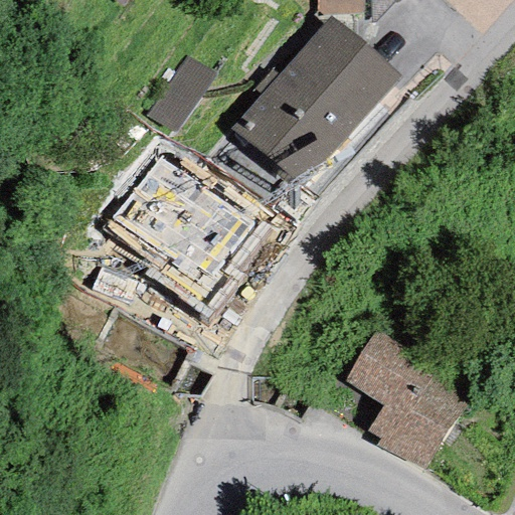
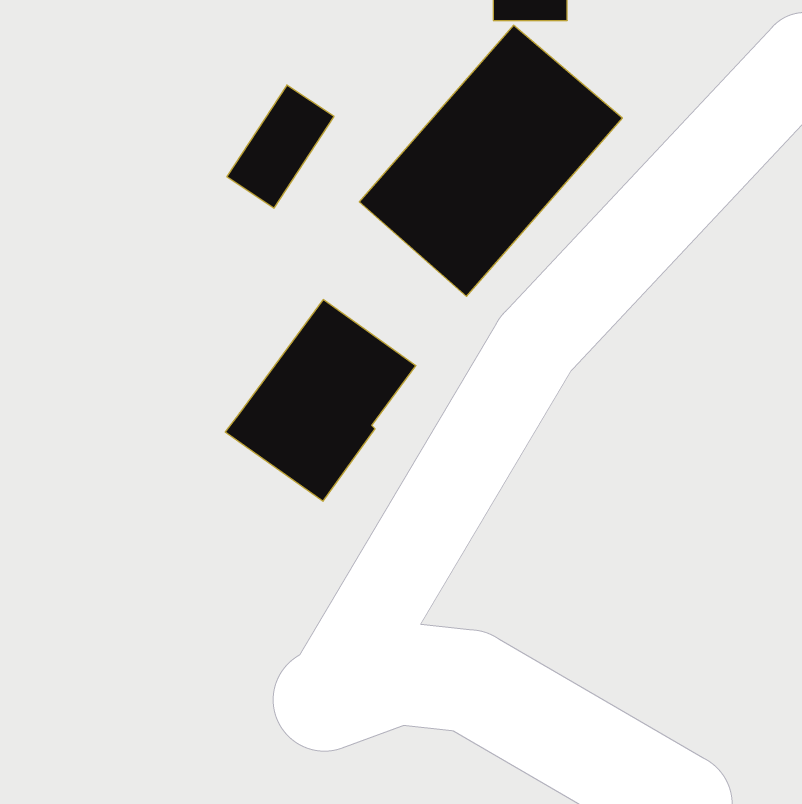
building: [107,155,208,264] -> none
building: [346,321,478,465] -> none

